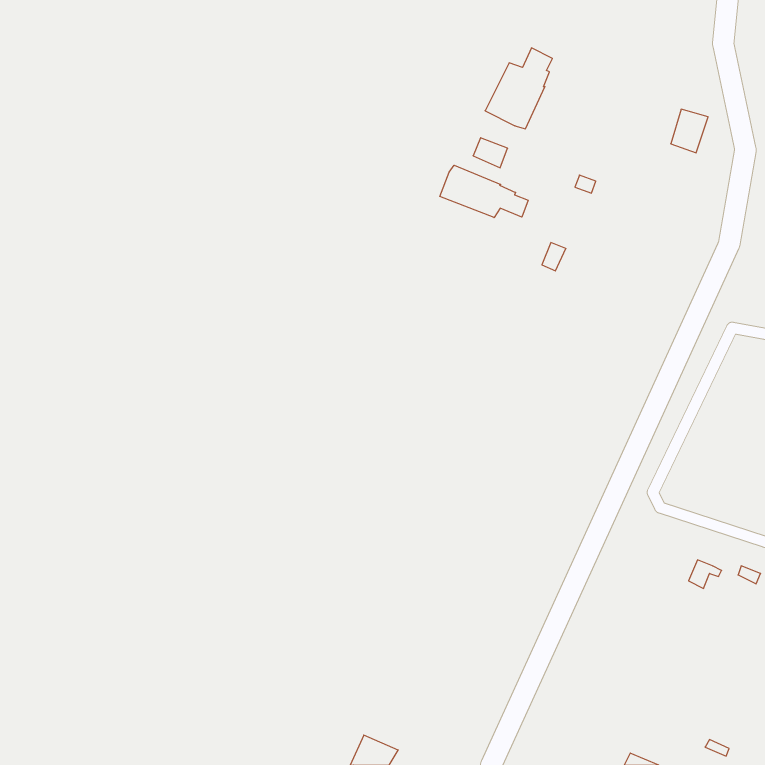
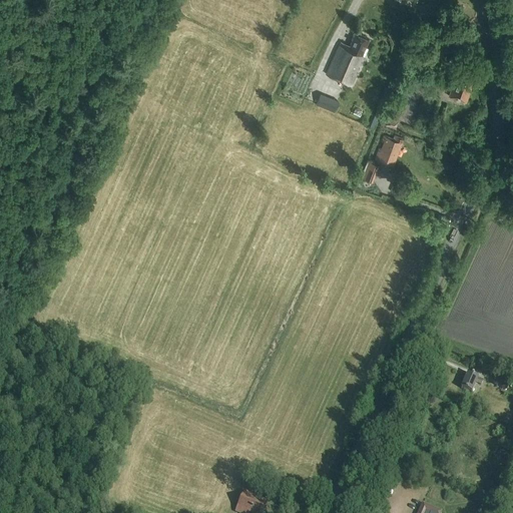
building: [440,165,528,218] -> none
building: none -> [375,135,403,164]

